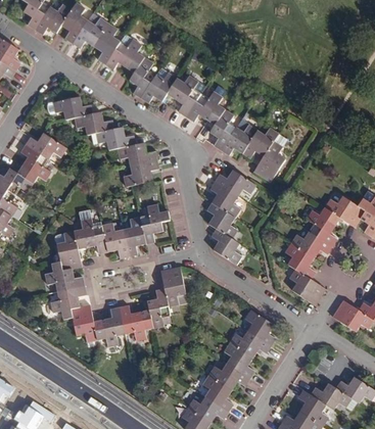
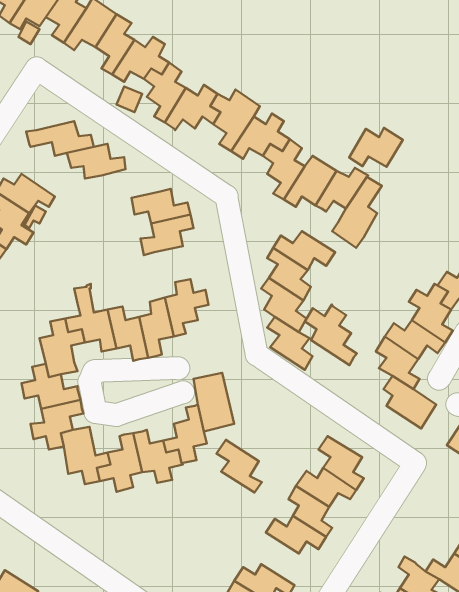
building: none -> [349,128,403,167]
building: [97,126,136,149] -> none
building: none -> [305,305,357,365]
building: [202,374,233,410] -> [217,440,262,493]

